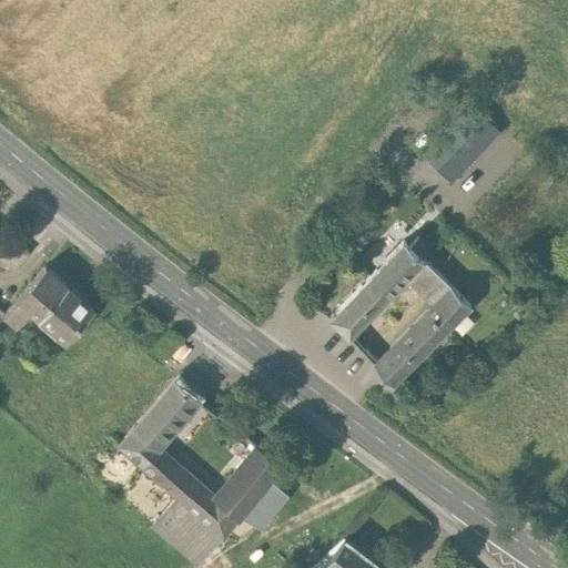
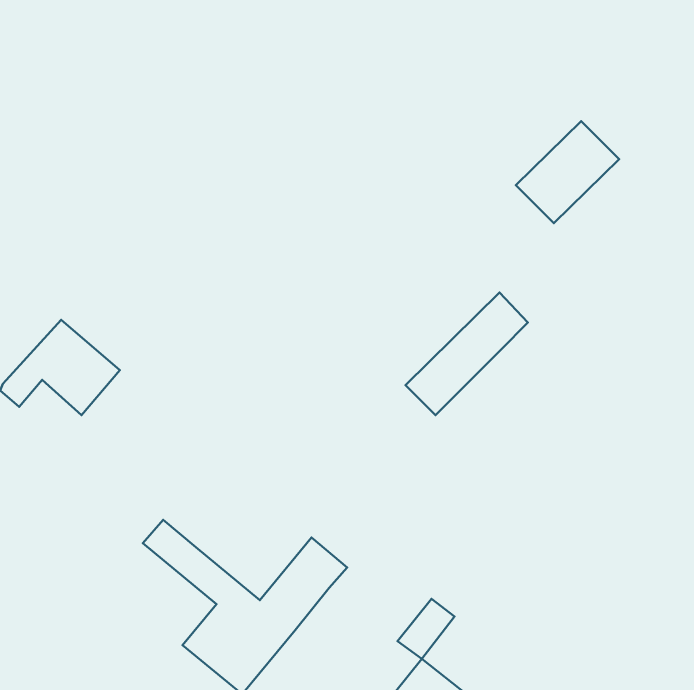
building: [374,267,476,390] -> none
building: [133,379,199,450] -> none
building: [241,484,287,532] -> [397,599,455,659]

